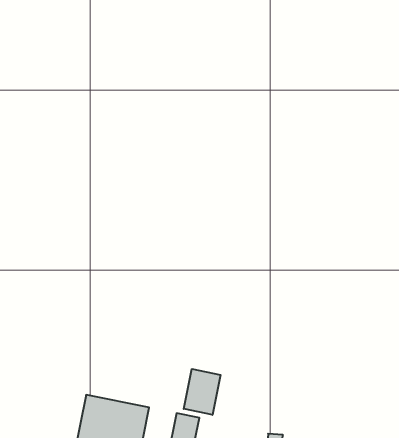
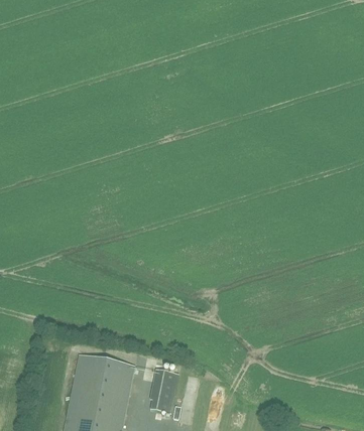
building: [184,369,221,415] -> none

